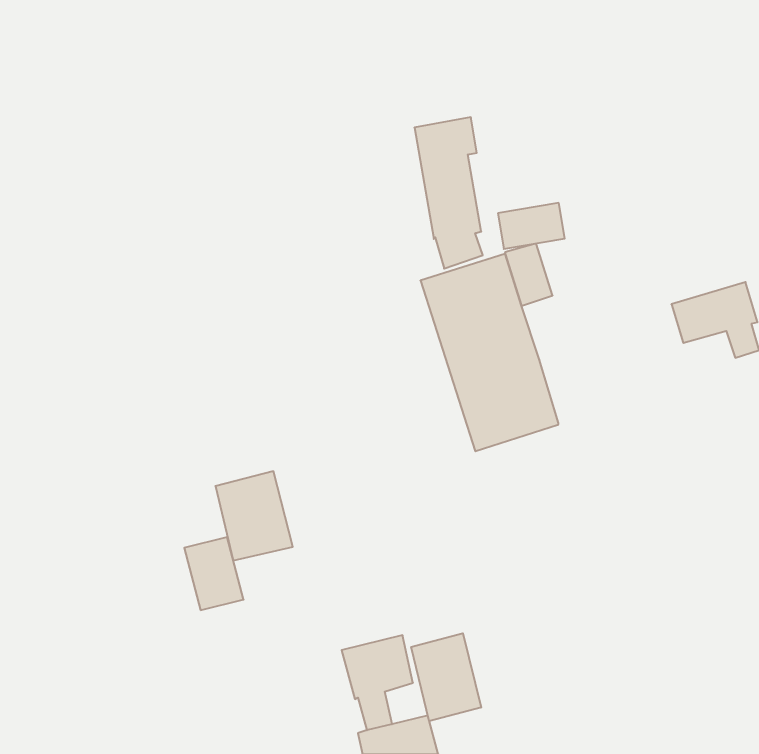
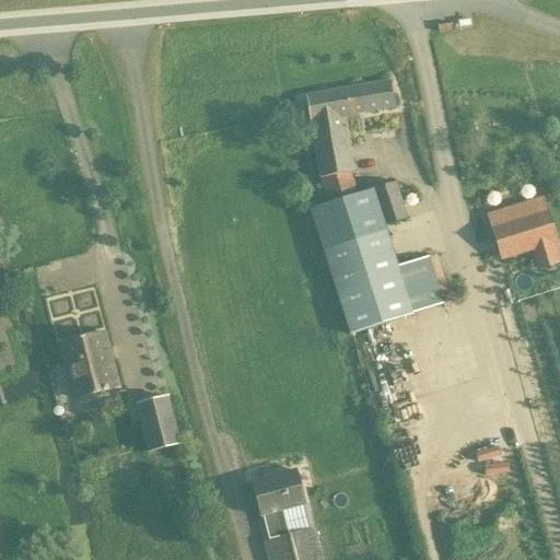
building: [498,203,565,249] -> [347,79,396,113]
building: none -> [397,255,442,312]
building: [215,471,293,560] -> [61,330,118,396]
building: [411,633,481,721] -> none

